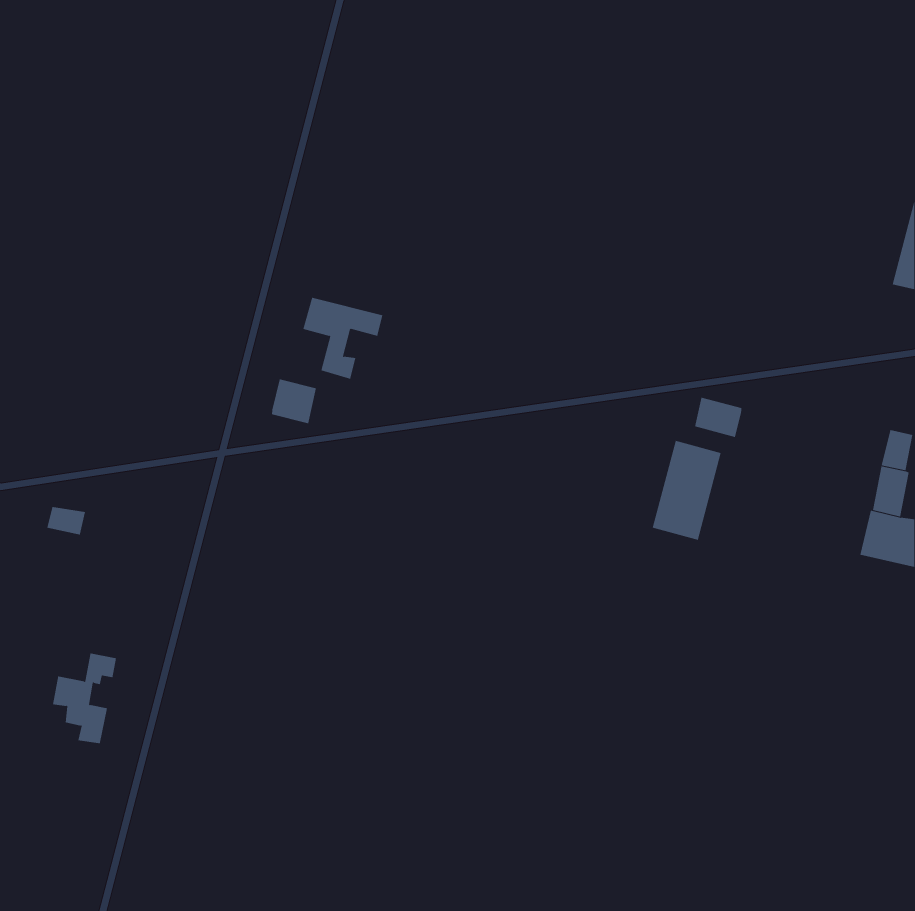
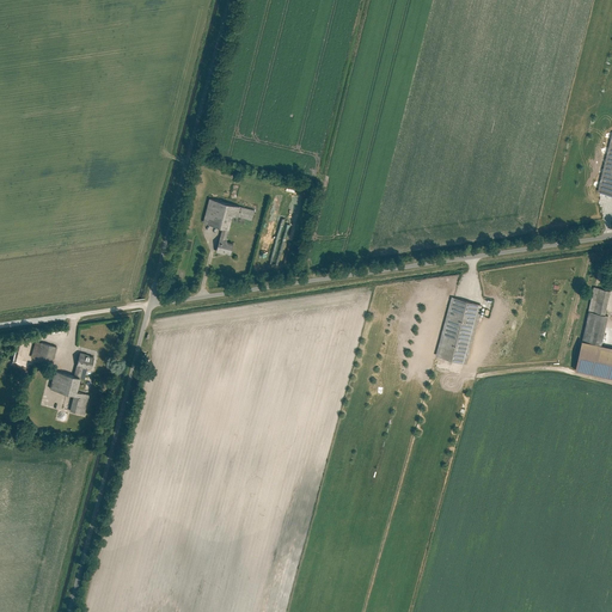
building: [271,378,316,424] -> none
building: [695,397,742,438] -> none
building: [52,653,117,744] -> [51,354,94,415]

